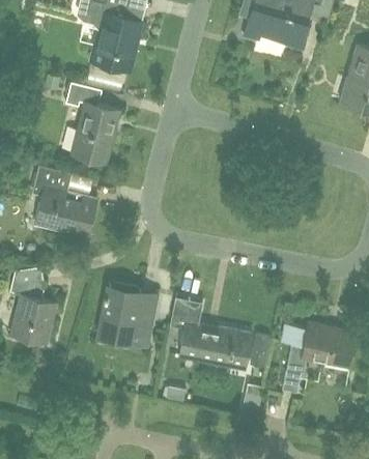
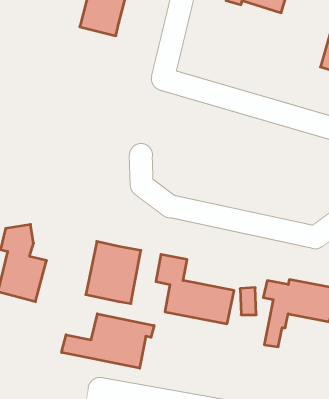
building: [64,83,118,164] -> none
building: [31,166,96,236] -> none
building: none -> [62,314,154,368]

